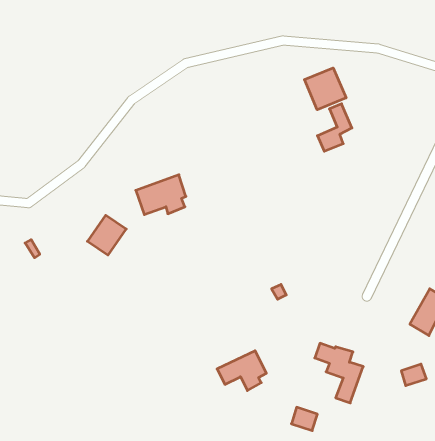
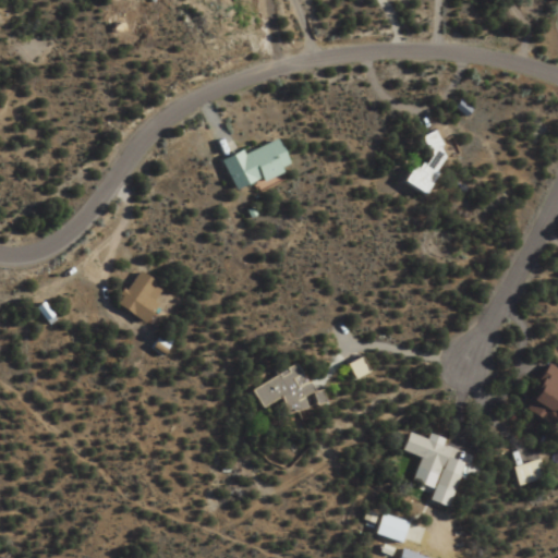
building: [304,68,346,110] -> none
building: [136,175,186,215] -> [225,138,288,189]
building: [217,351,266,391] -> [254,365,316,415]

